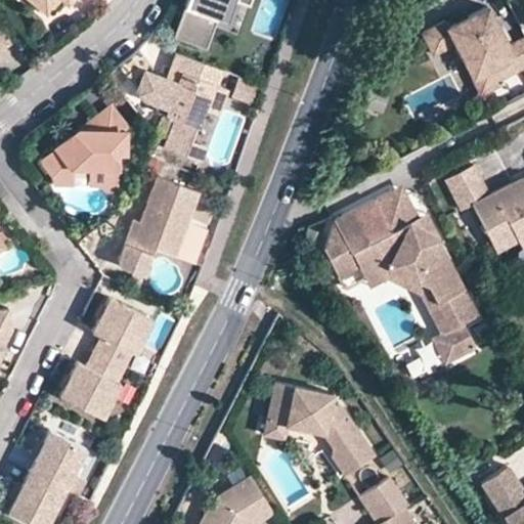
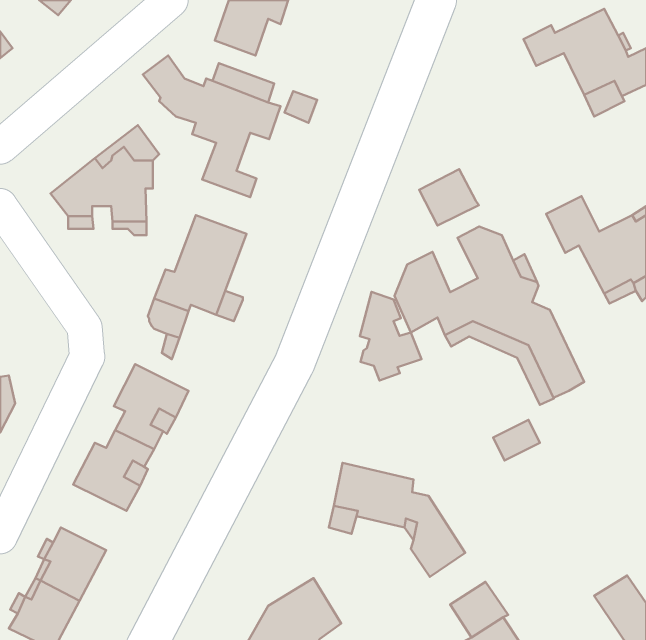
building: none -> [419,169,479,225]
building: none -> [360,292,421,381]
building: [429,321,472,361] -> none

